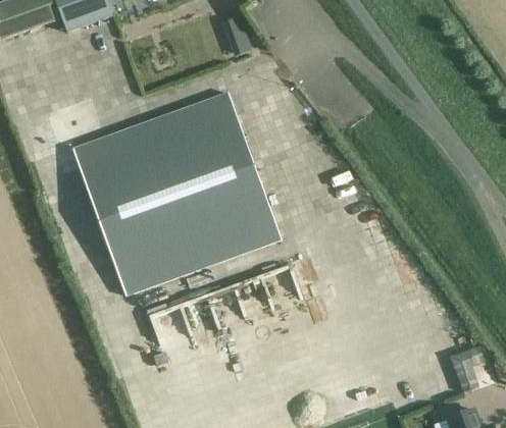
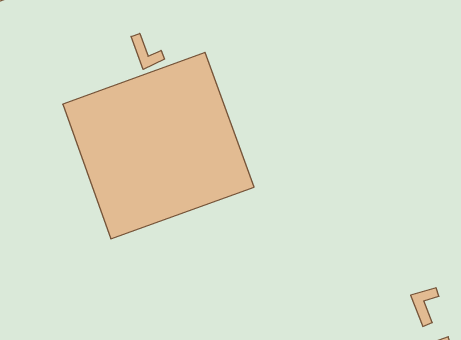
building: none -> [131,33,165,69]

